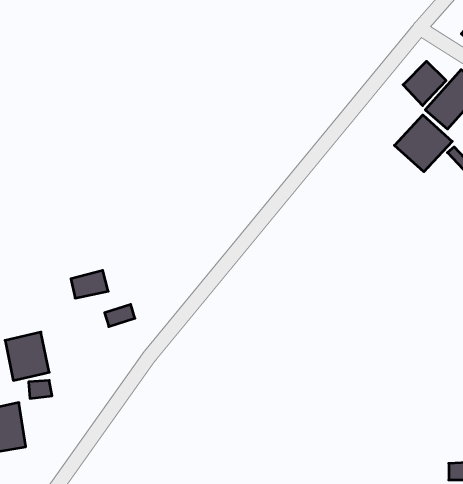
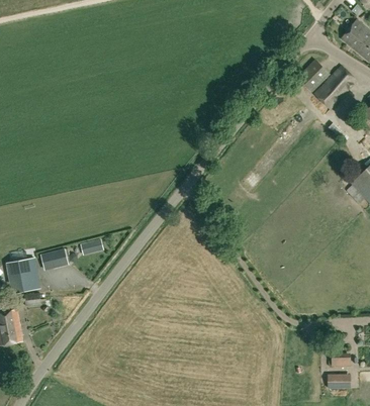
building: [394,115,452,172] -> none
building: [71,270,108,298] -> [41,249,69,270]

